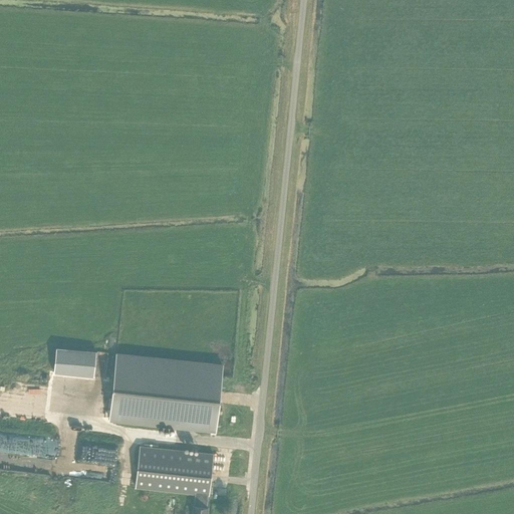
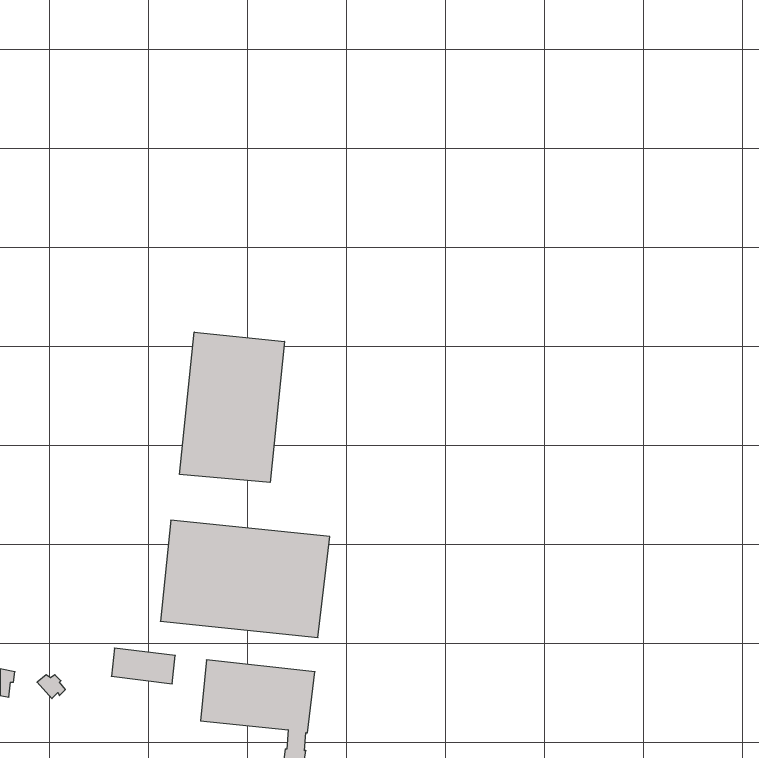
building: none -> [180,332,284,482]
building: [53,348,95,377] -> none

